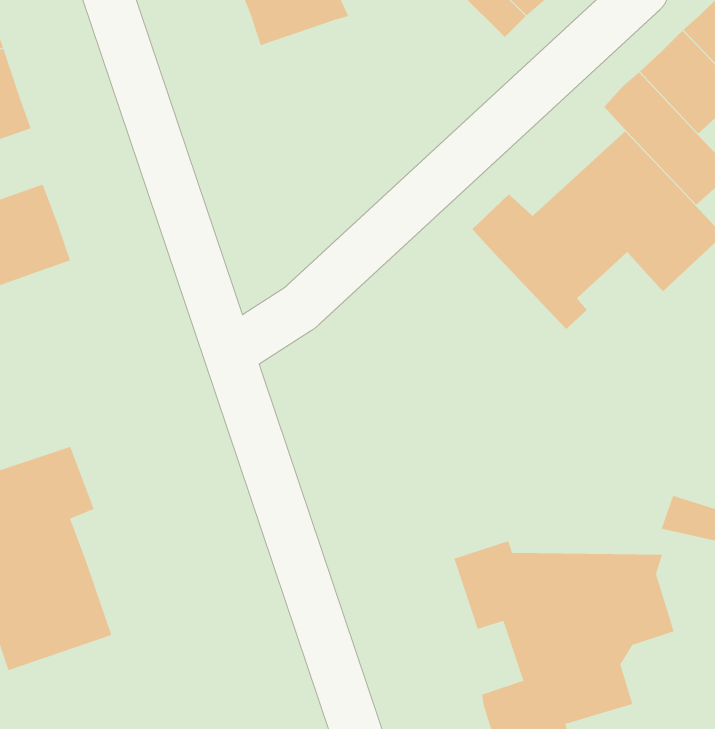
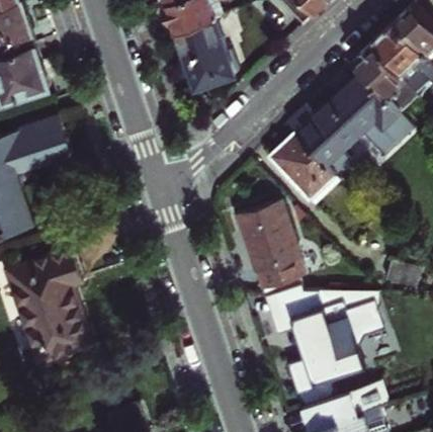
building: none -> [172,24,229,95]
building: none -> [266,144,332,210]
building: none -> [236,207,304,296]

